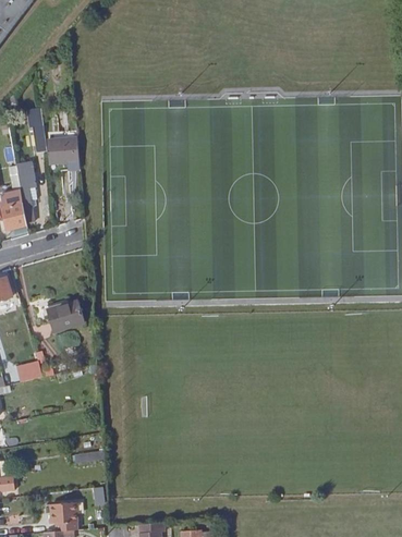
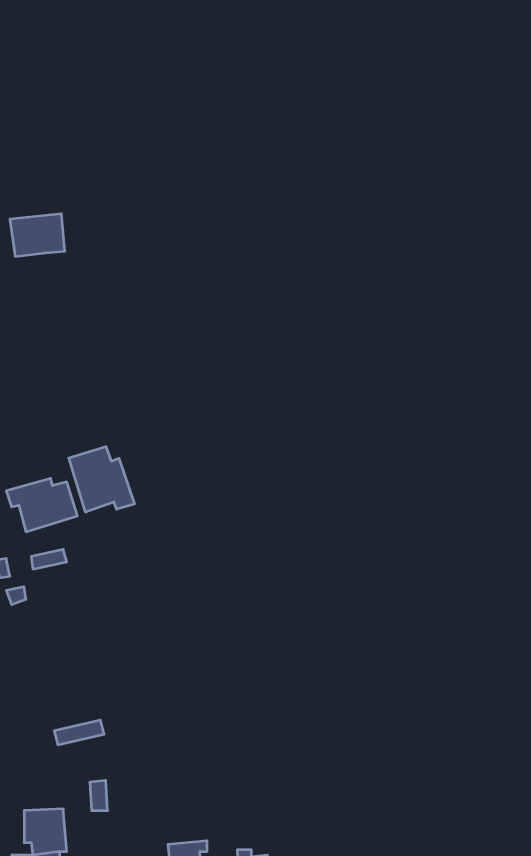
building: none -> [69,447,134,512]

